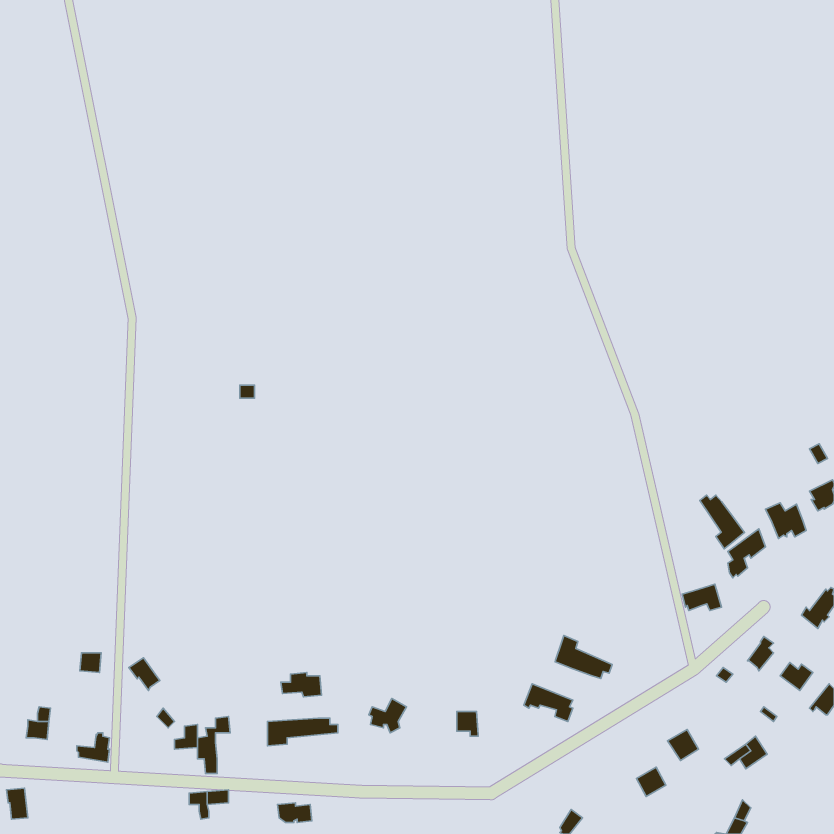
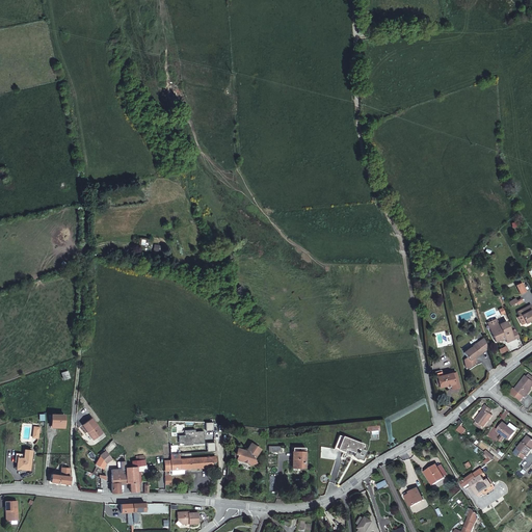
building: [700,495,744,549] -> none
building: [555,636,612,678] -> none

